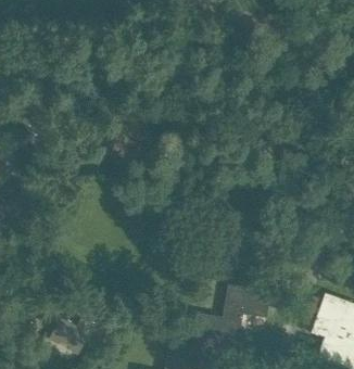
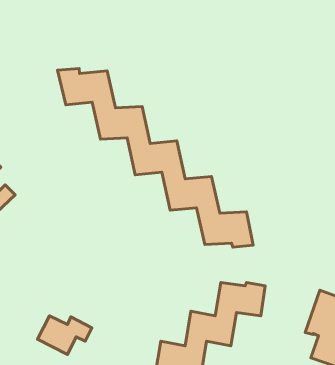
building: none -> [58,68,253,247]

